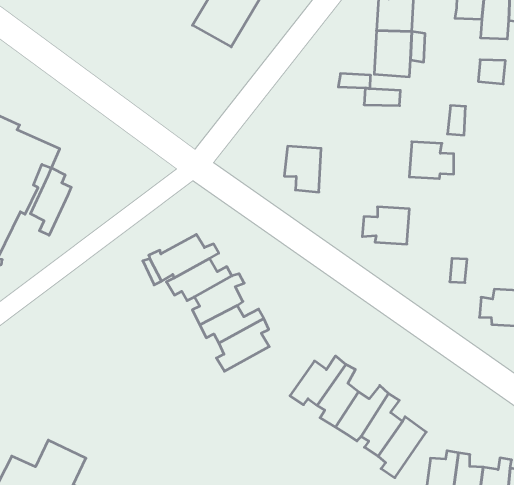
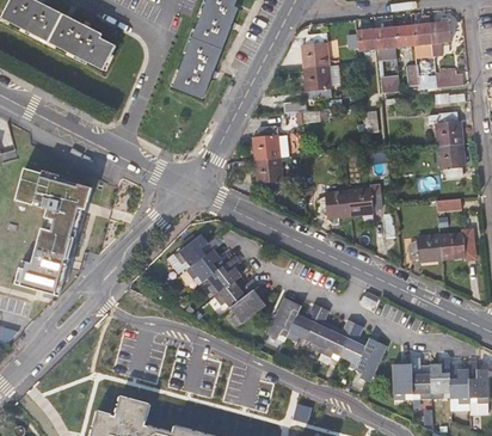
building: none -> [252,125,288,160]
building: [409,142,454,179] -> [348,188,381,215]
building: [30,168,71,235] -> none
building: none -> [266,296,301,342]

